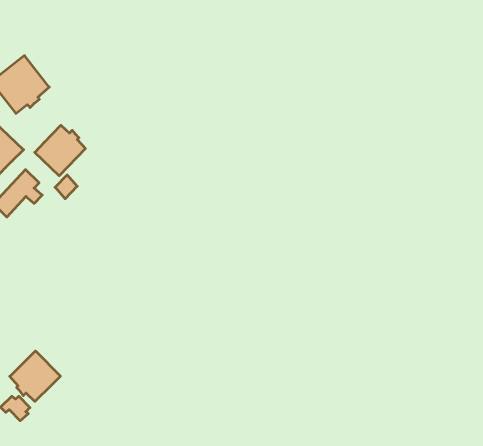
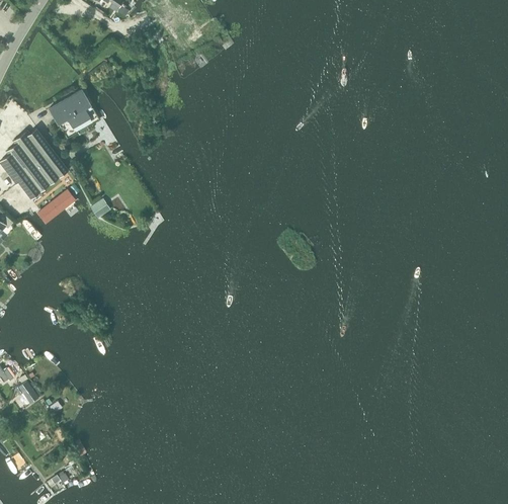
building: [35,125,85,176] -> none
building: [10,351,60,401] -> none

